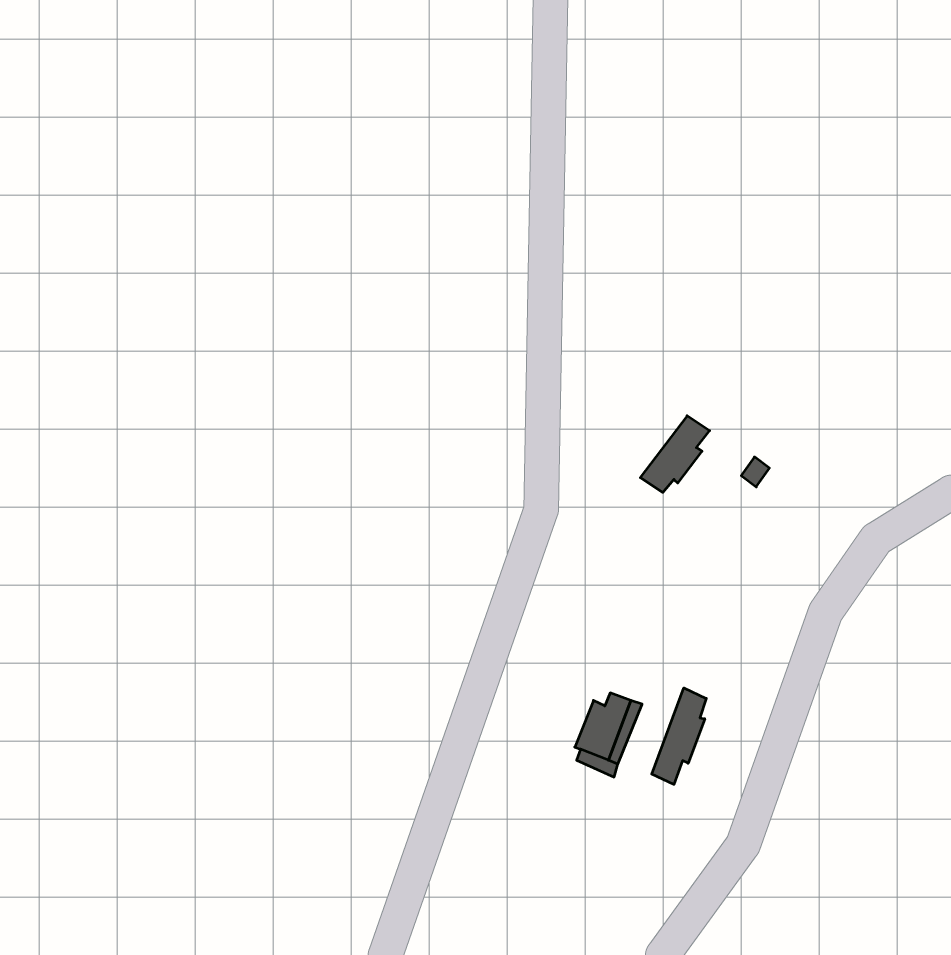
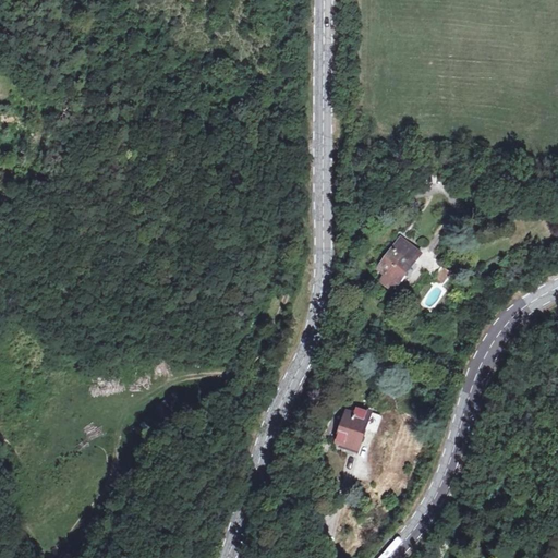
building: [652,688,706,784] -> none

